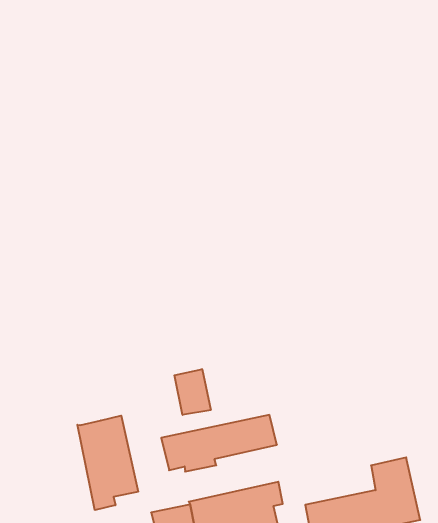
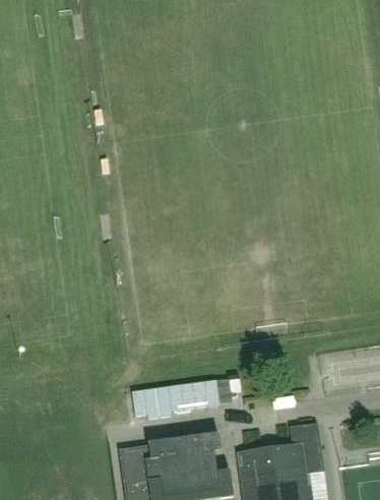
building: [174,369,211,415] -> none
building: [77,416,138,510] -> none

